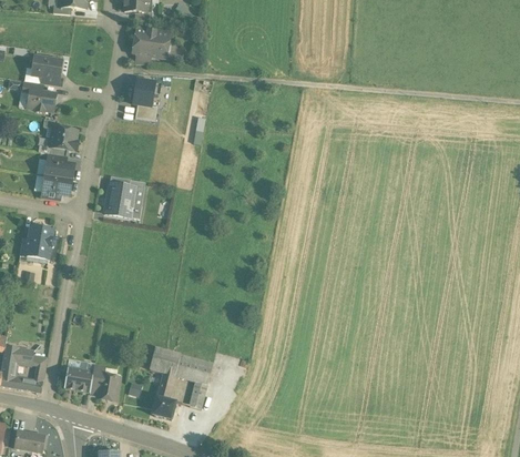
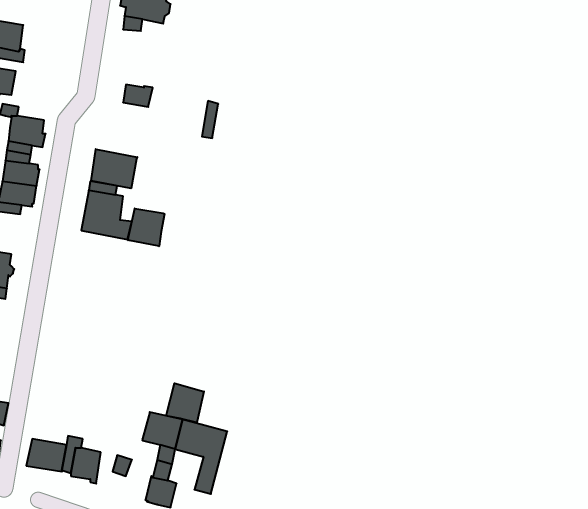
building: [133,79,161,105] -> none
building: none -> [91,149,137,188]
building: none -> [128,208,165,246]
building: none -> [166,383,204,423]

